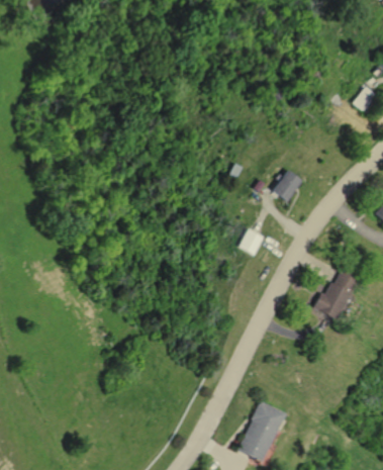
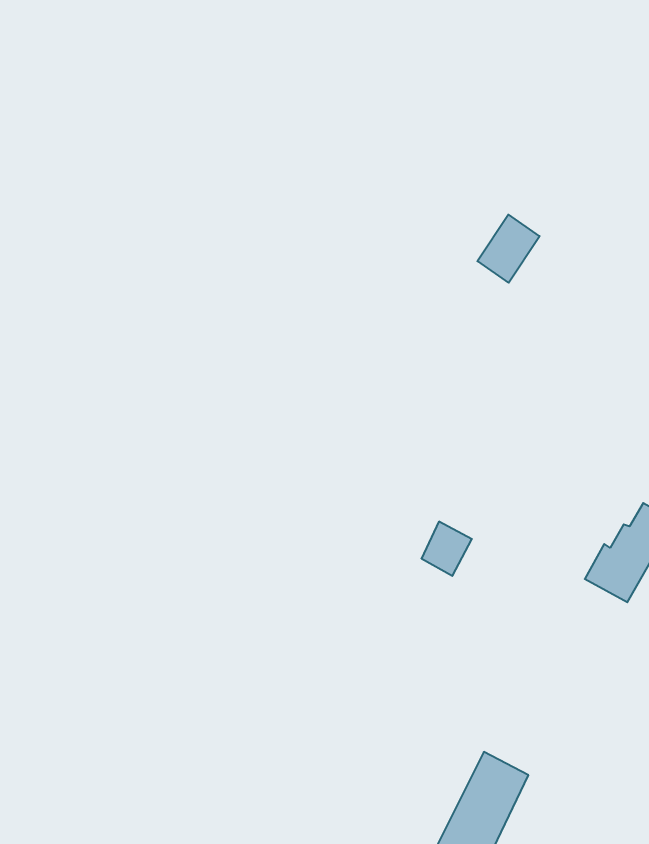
building: [272,168,304,203] -> [477,215,540,283]
building: [241,228,267,257] -> [421,522,472,576]

